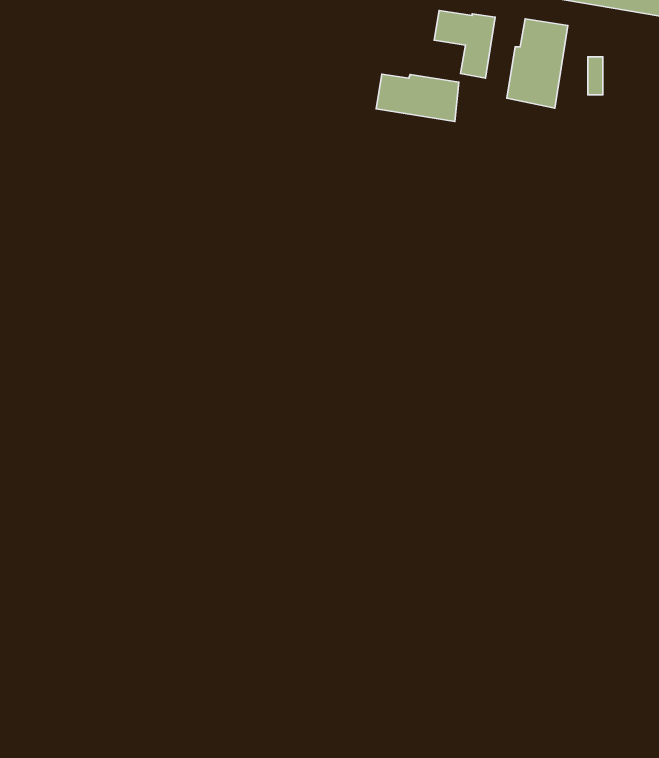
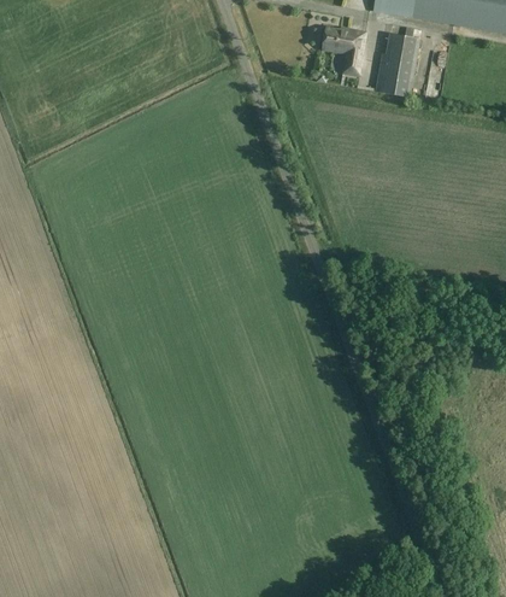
building: [376,74,459,122] -> none

